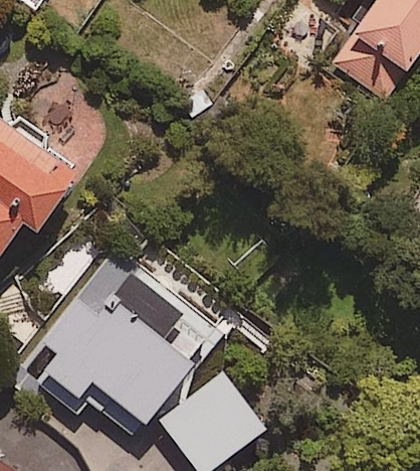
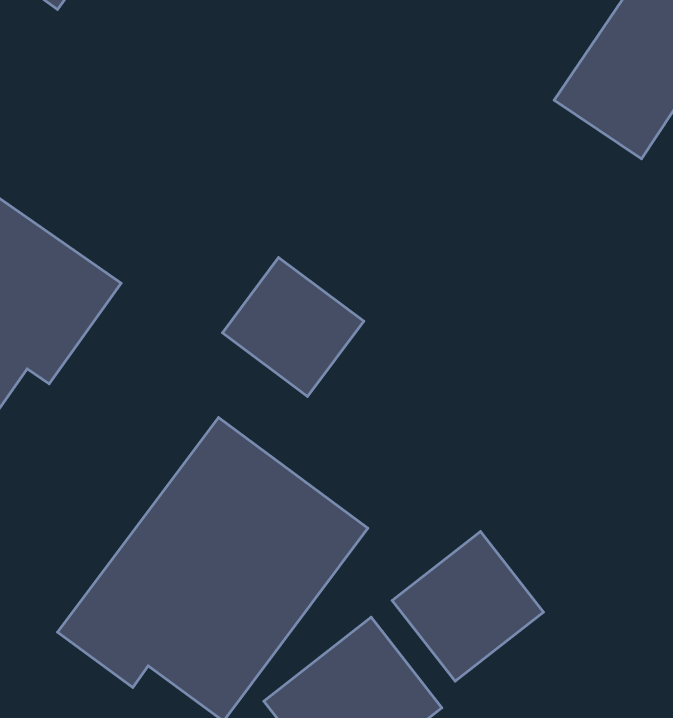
building: none -> [223,258,364,397]
building: none -> [392,532,544,681]

